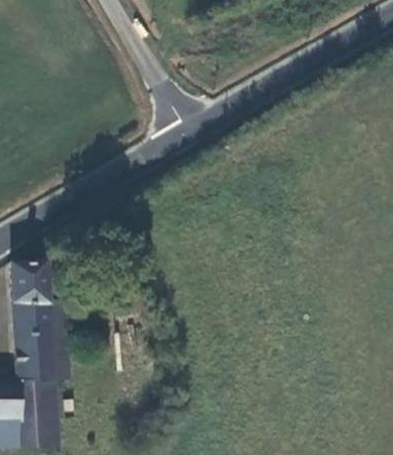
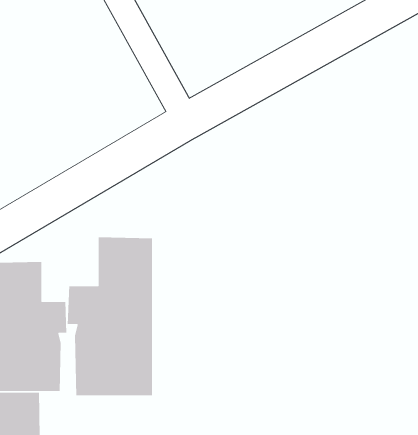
building: none -> [67,236,153,396]

